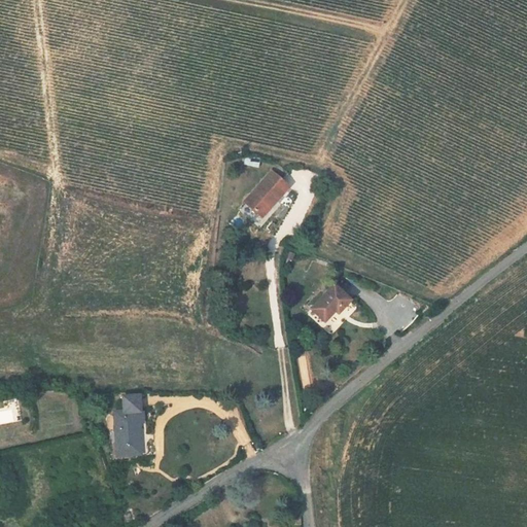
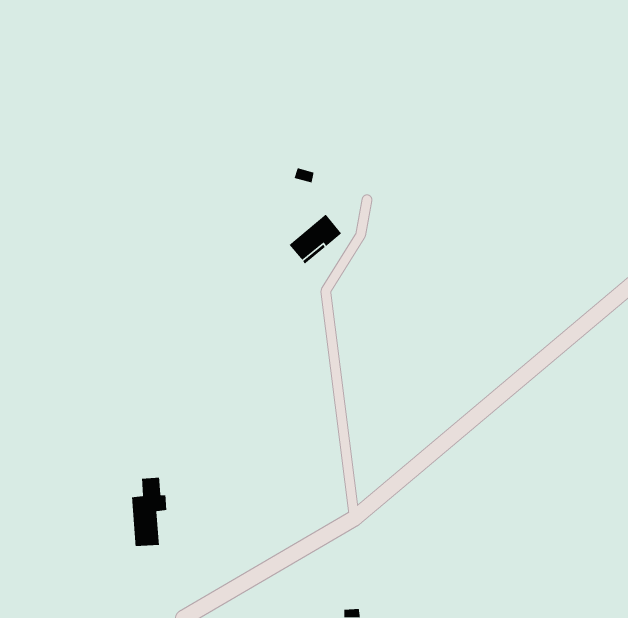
building: [308,285,346,320] -> none

